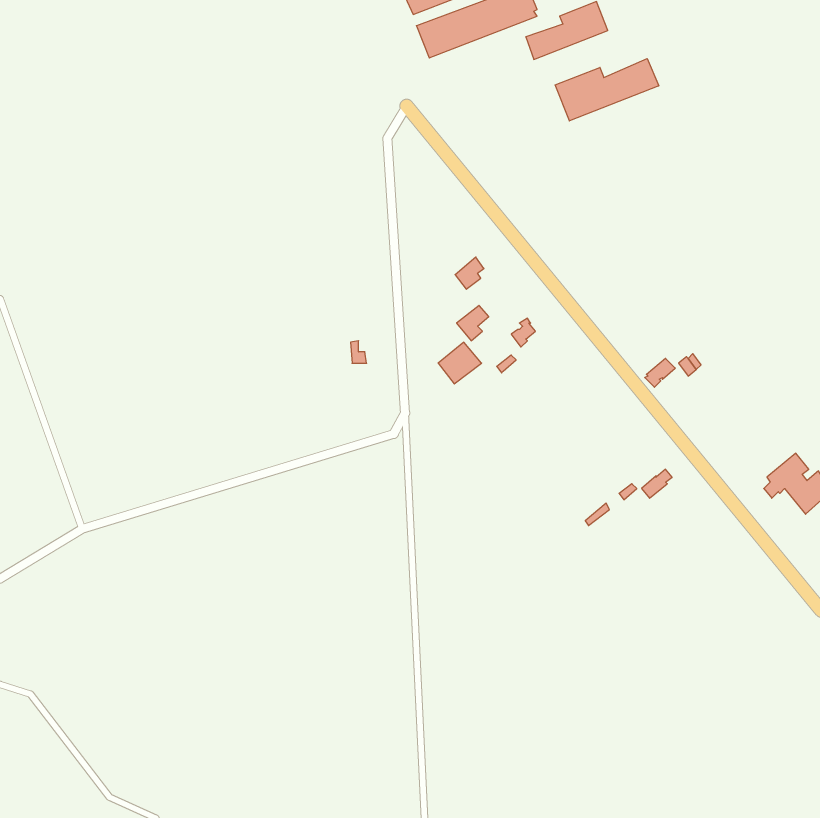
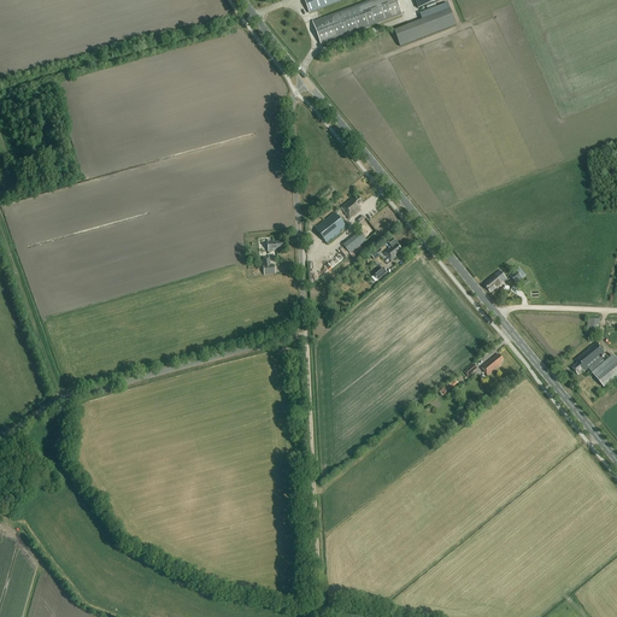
building: [555,59,659,121] -> none
building: [438,342,482,384] -> [316,211,348,242]

